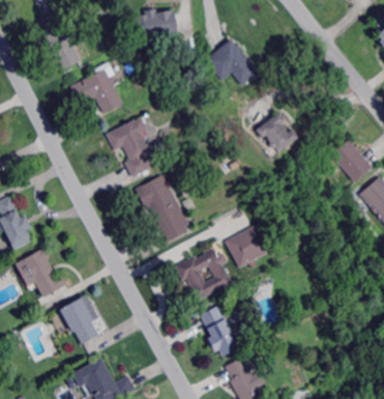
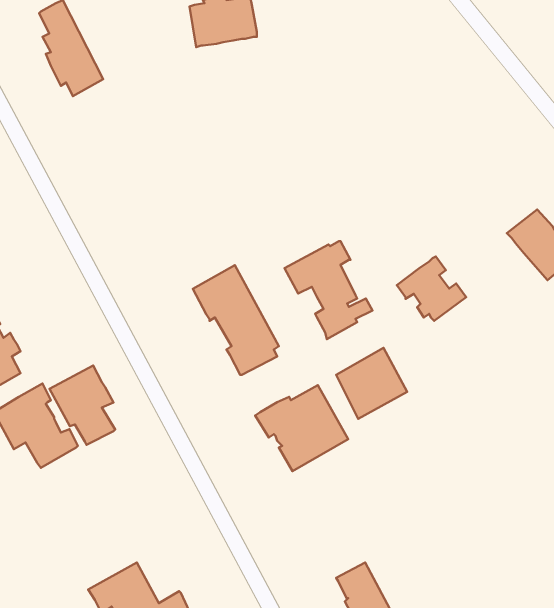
building: [206,38,259,84] -> none
building: [71,68,123,113] -> none
building: [256,112,298,151] -> [397,257,466,321]
building: [106,118,159,178] -> [285,241,372,339]
building: [60,294,100,343] -> [49,365,115,445]
building: [200,305,240,355] -> none

